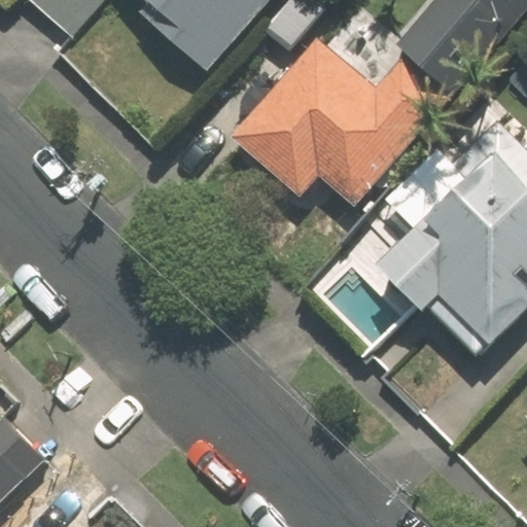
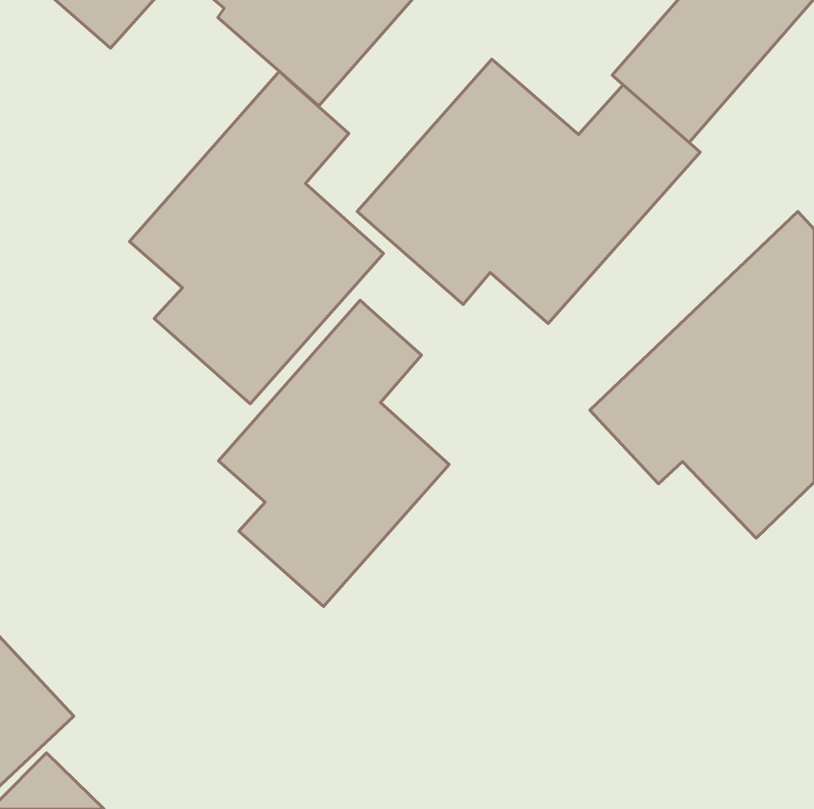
building: none -> [129,71,383,404]
building: none -> [218,300,449,607]

